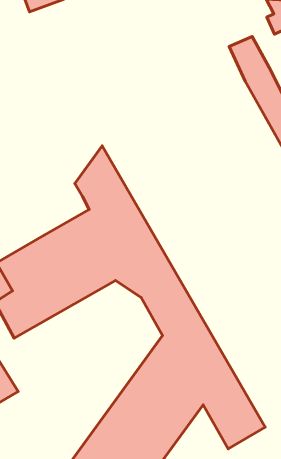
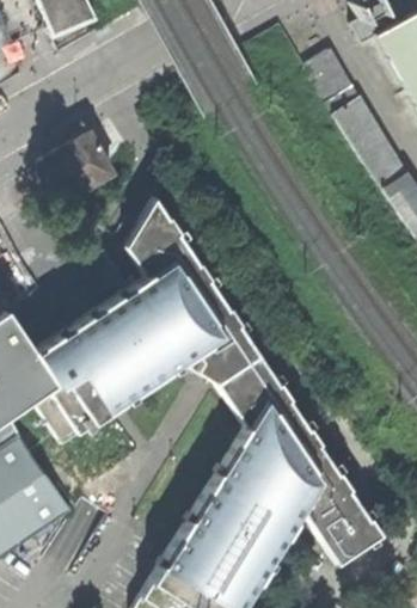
building: none -> [37,134,112,204]

